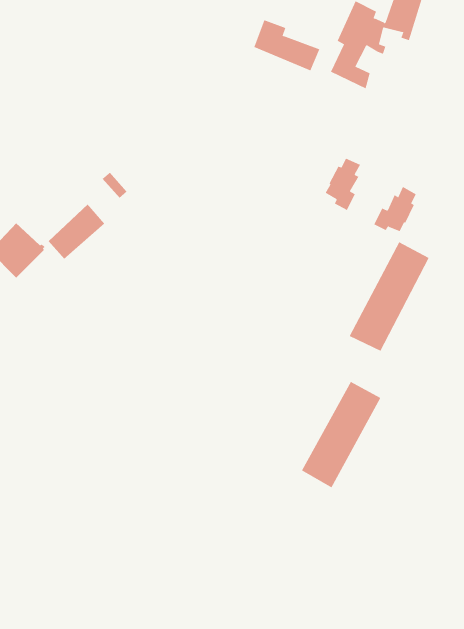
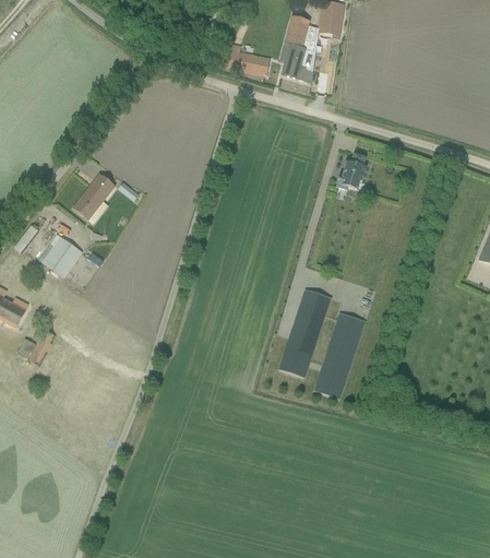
building: [325,158,361,211] -> none
building: [48,204,105,260] -> [72,174,115,221]
building: [349,241,429,352] -> [277,289,330,378]

